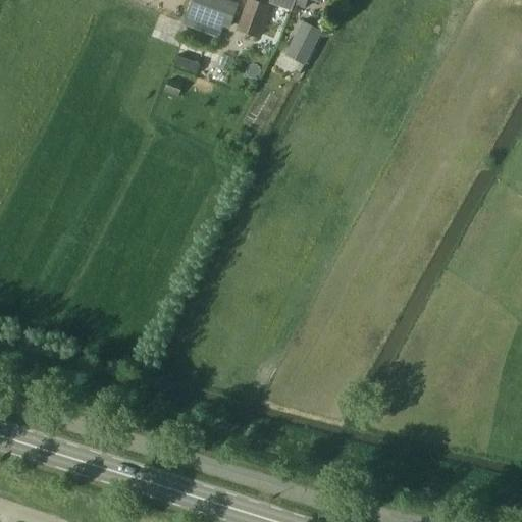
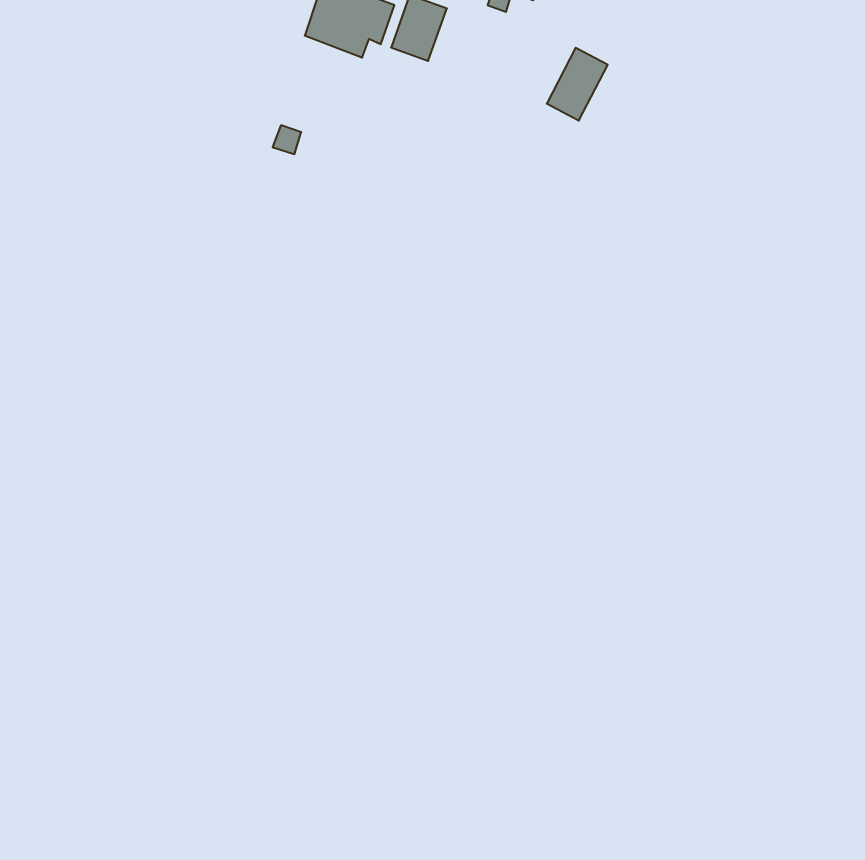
building: [284,19,321,63] -> [547,48,608,121]

